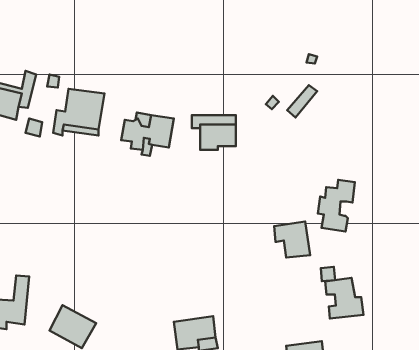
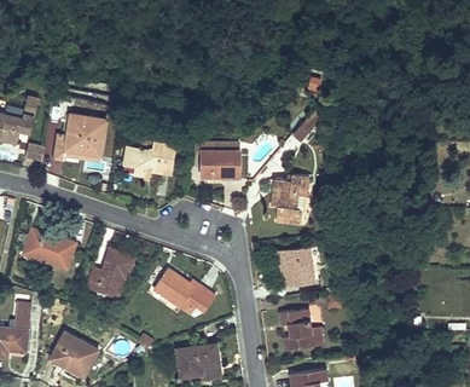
building: [318,180,355,231] -> [272,174,309,226]
building: none -> [23,230,75,270]
building: none -> [86,249,132,299]
building: none -> [153,270,215,316]
building: [325,278,363,319] -> [279,310,318,351]

